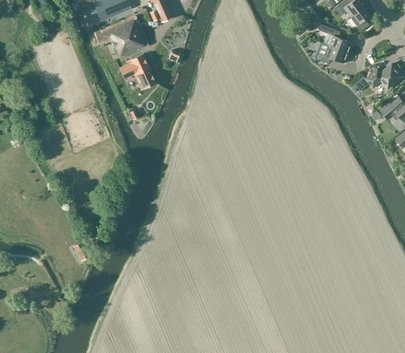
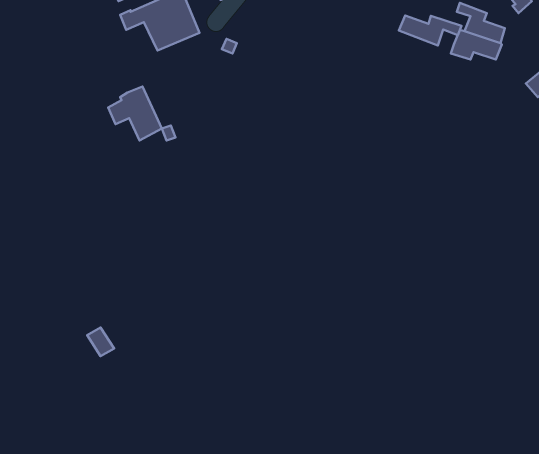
building: none -> [399,15,461,46]
building: [119,54,155,90] -> [108,87,162,140]

